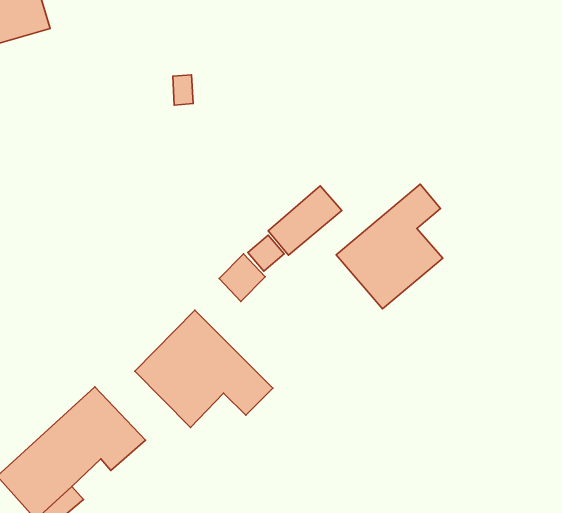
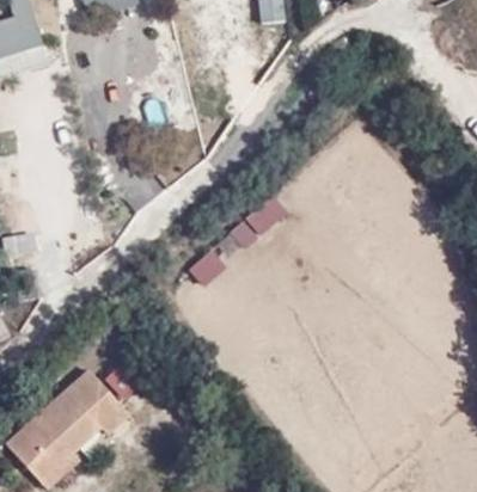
building: [336,184,443,309] -> none
building: [135,310,273,427] -> none

